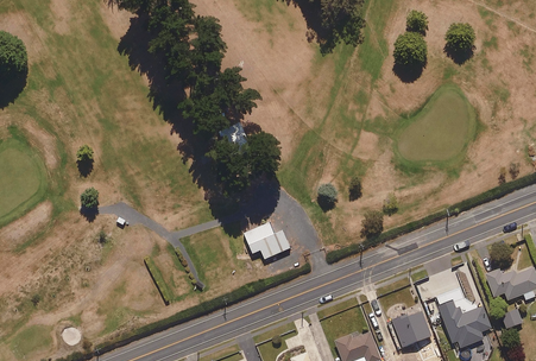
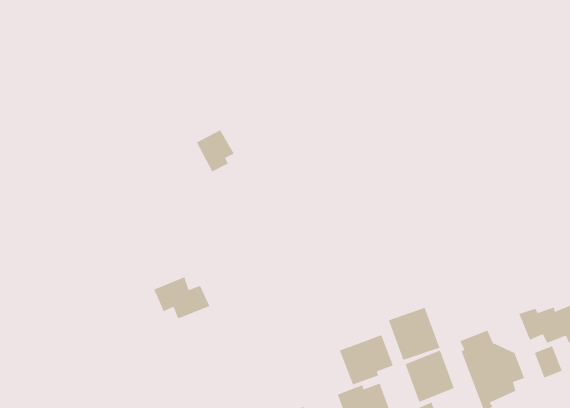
building: [242,223,290,259] -> [153,276,211,319]
building: none -> [388,307,441,361]
building: none -> [339,334,394,386]

